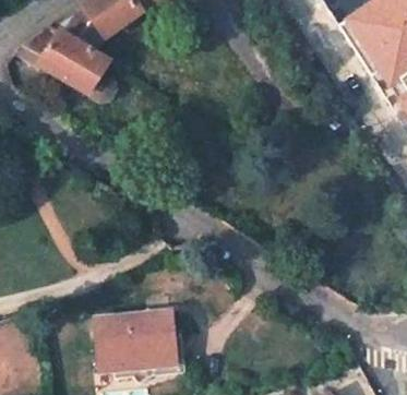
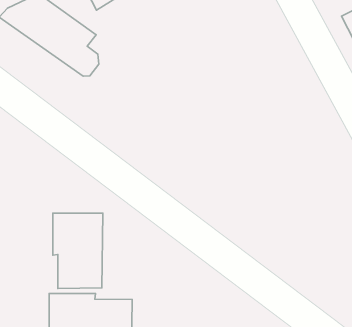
building: none -> [53,213,103,288]

